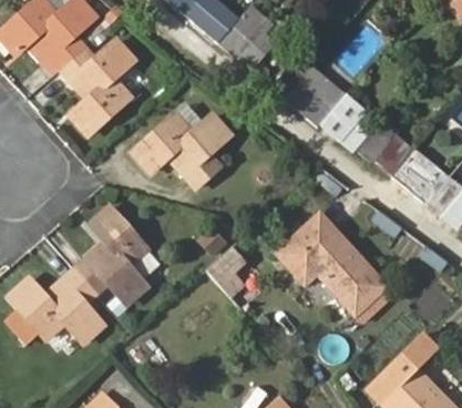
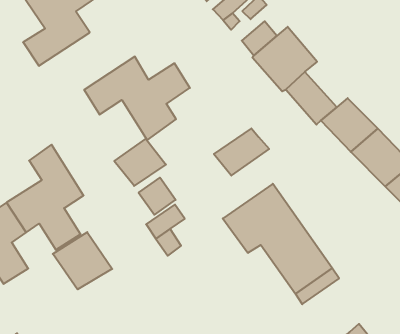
building: none -> [214,128,269,176]
building: none -> [114,139,166,186]
building: none -> [53,232,112,289]

